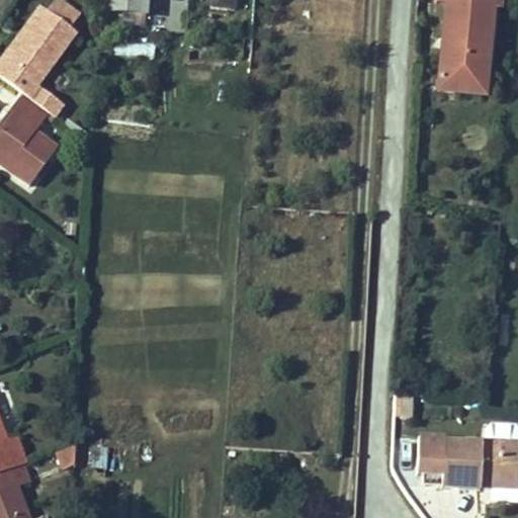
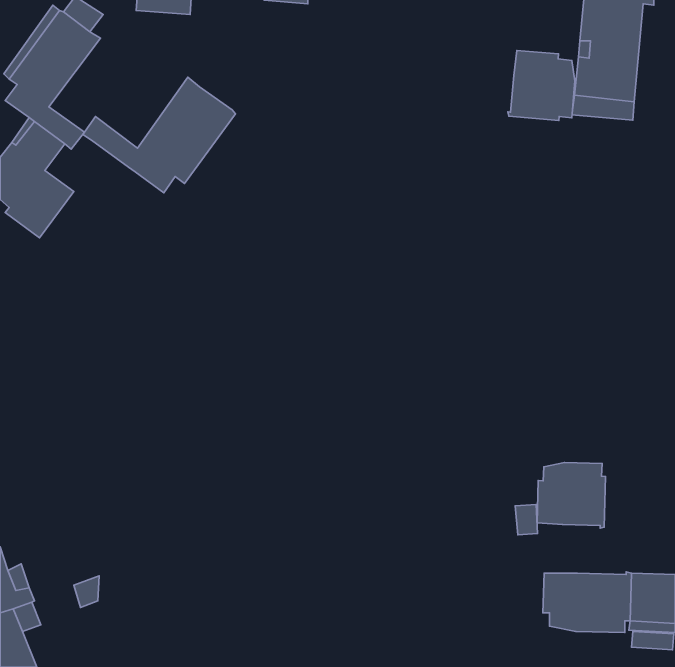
building: none -> [508,51,575,120]
building: none -> [83,77,235,193]
building: none -> [537,463,606,528]

